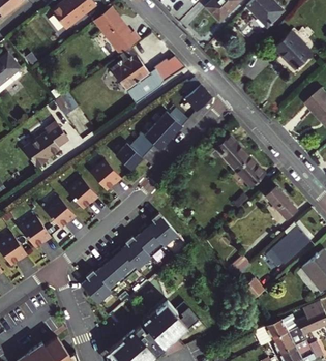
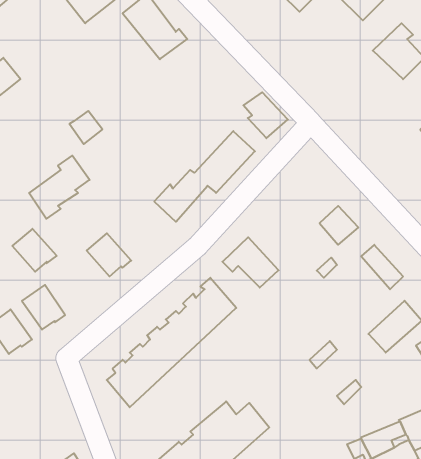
building: [111,48,184,104] -> none
building: [207,136,247,172] -> [222,237,279,288]
building: [89,159,121,190] -> none
building: [43,198,76,229] -> [12,229,57,272]

